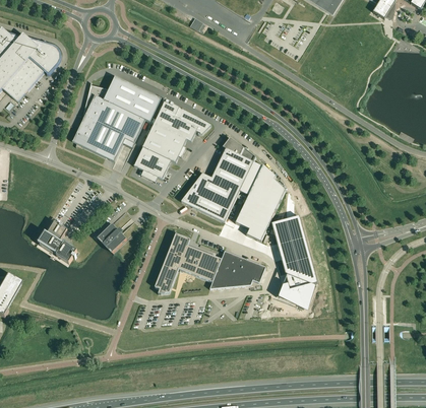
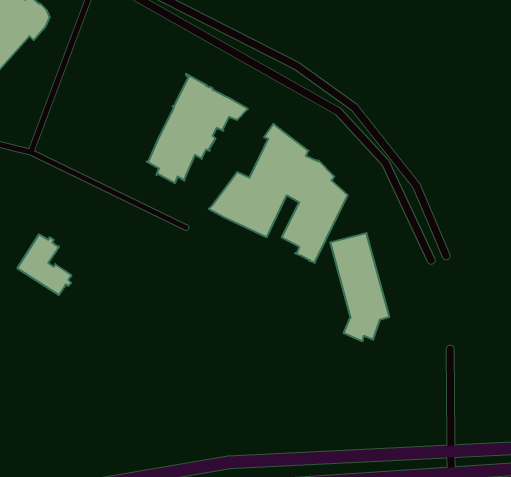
building: [71,75,161,160] -> none
building: [98,223,126,252] -> none
building: [154,232,265,292] -> none

